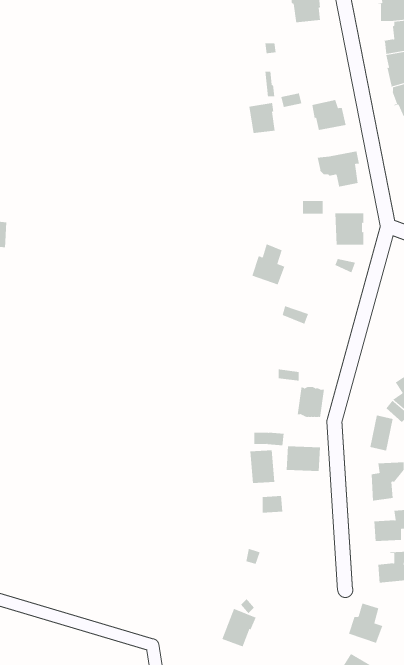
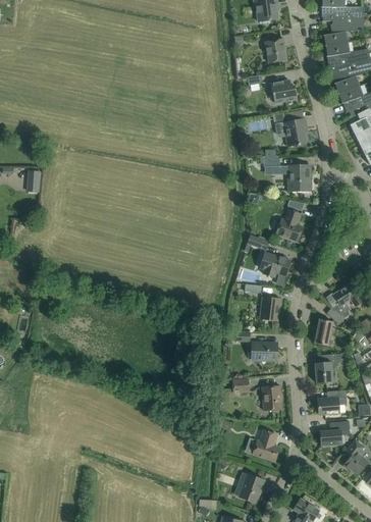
building: [249,103,276,134] -> [265,39,285,62]
building: [251,243,285,285] -> [276,209,302,241]
building: none -> [260,253,289,277]
building: [250,450,275,484] -> [262,385,281,411]
building: [348,603,383,643] -> [253,430,279,461]
building: [222,608,257,647] -> [238,473,265,503]

